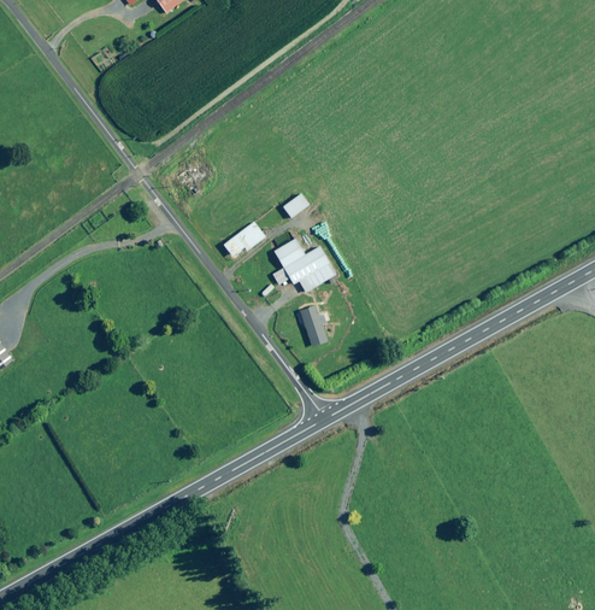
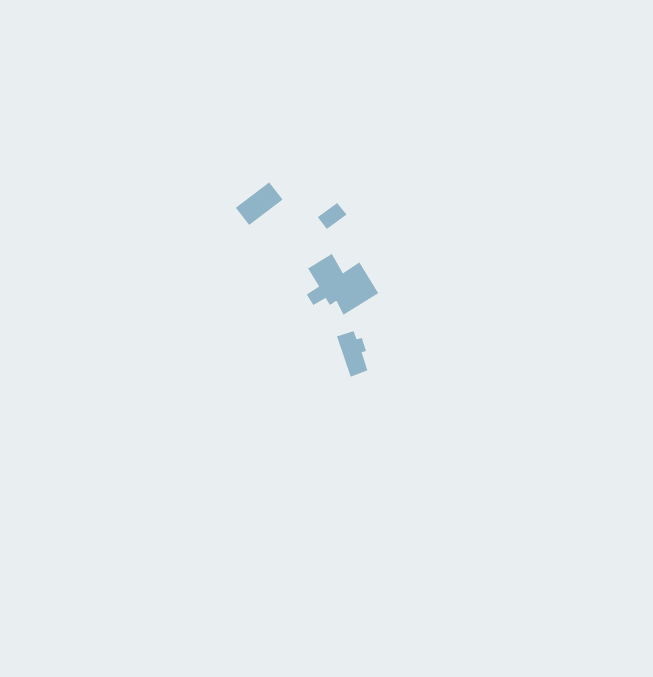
building: [223,221,265,259] -> [235,182,283,226]

